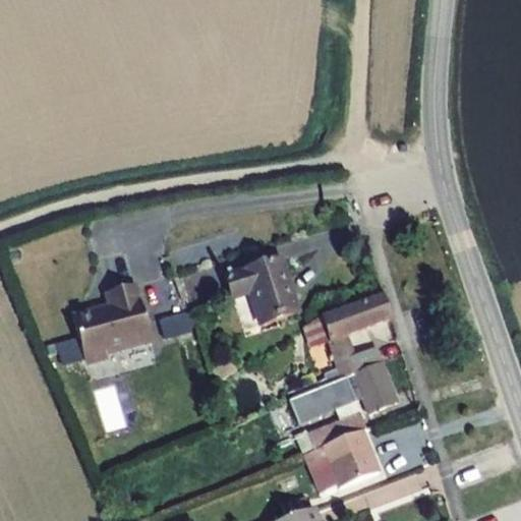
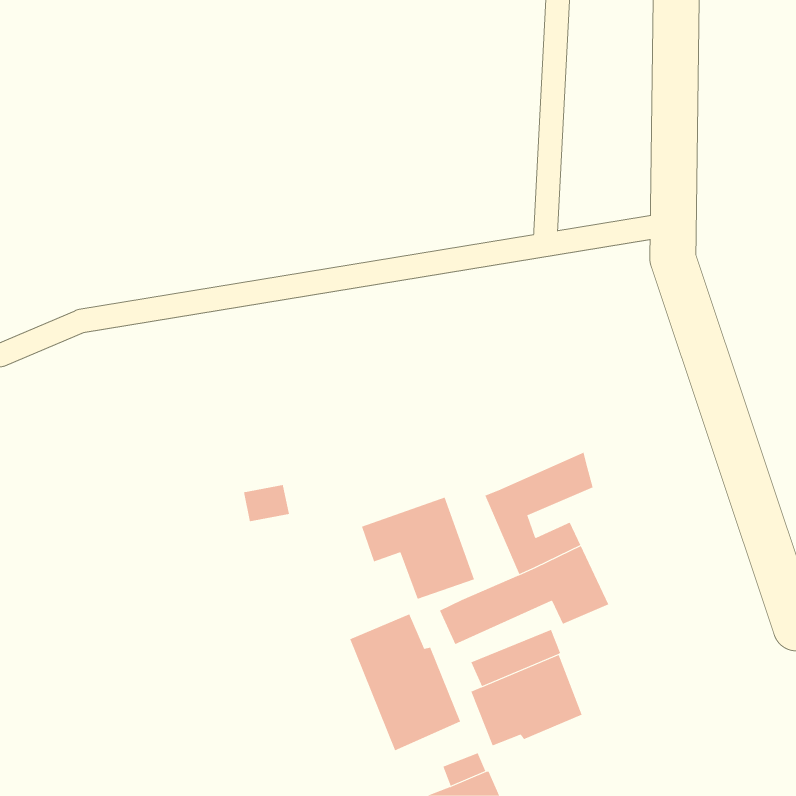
building: [227,258,301,326] -> [361,497,475,600]
building: [67,284,144,359] -> none
building: none -> [350,613,461,751]

